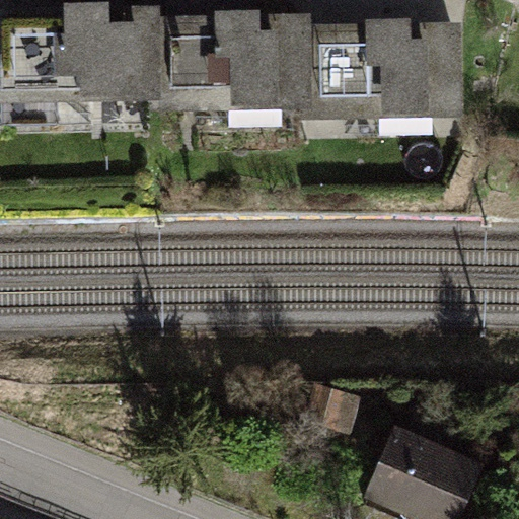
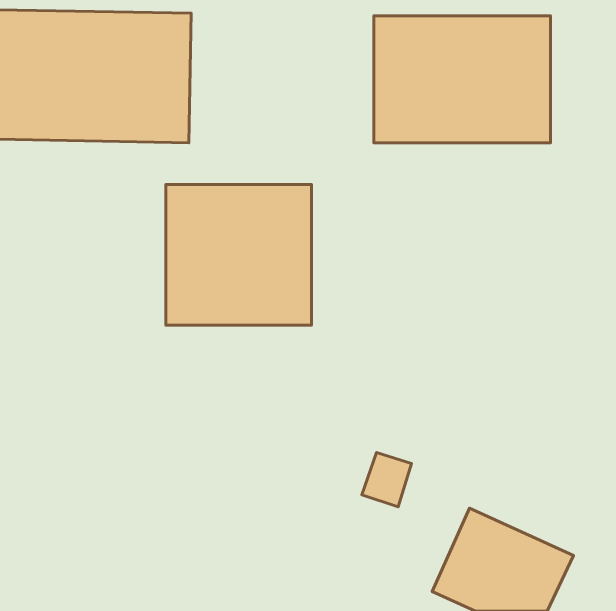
building: [158,11,313,120] -> none
building: none -> [166,184,311,325]

